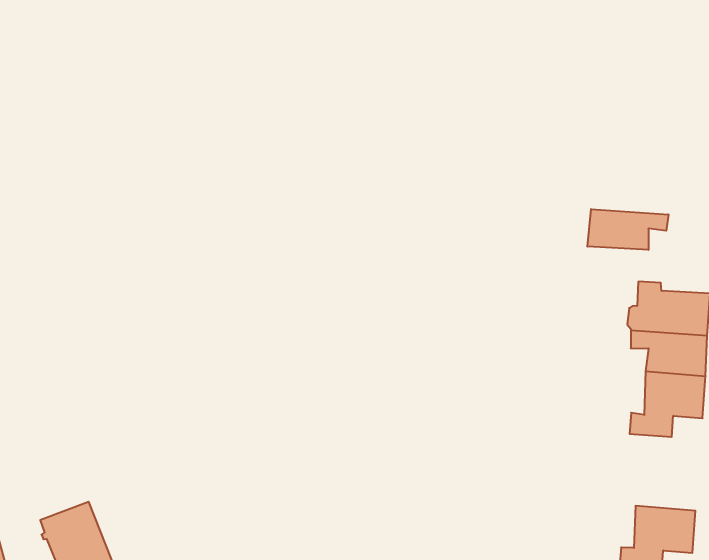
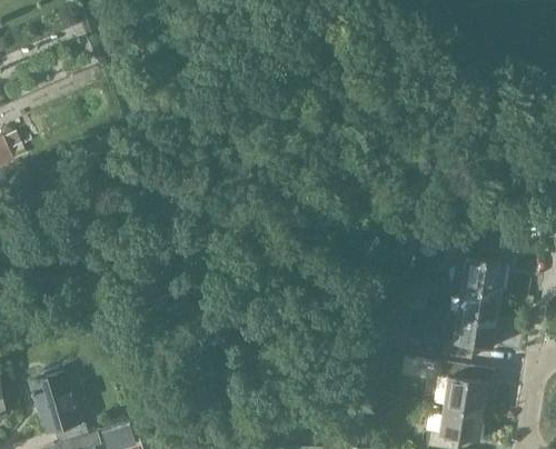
building: [587,209,668,250] -> none
building: none -> [440,361,489,411]

